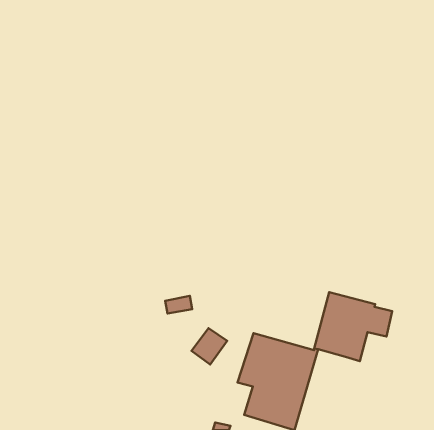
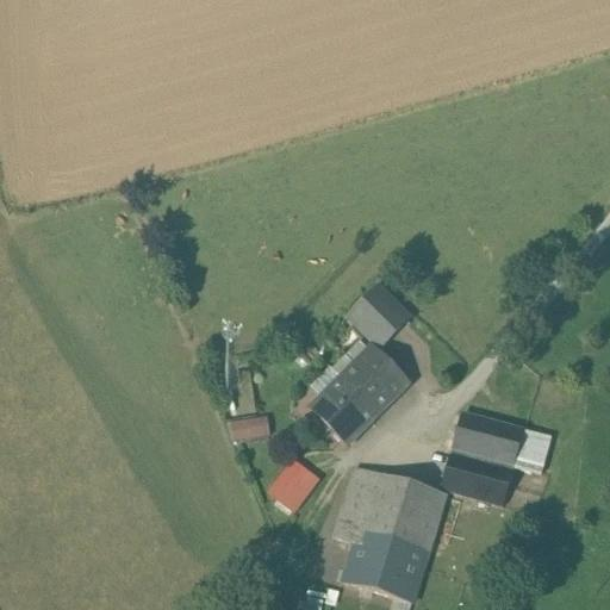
building: none -> [350,286,409,344]
building: none -> [315,347,409,440]

